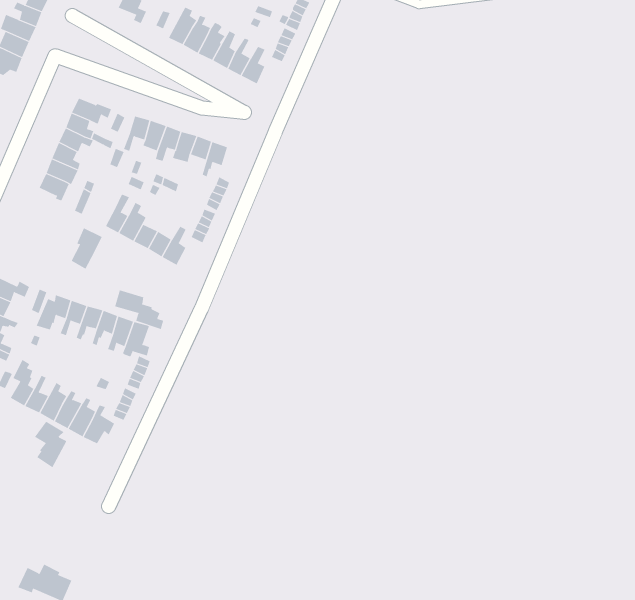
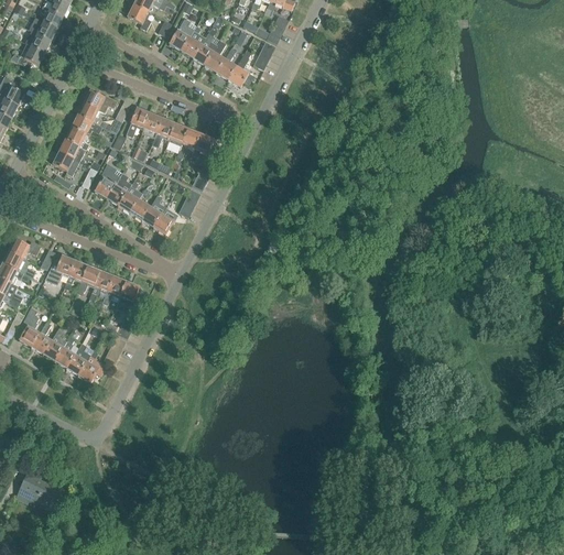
building: [71,228,102,269] -> [94,163,121,198]
building: [115,289,164,330] -> none
building: [34,421,67,468] -> none

